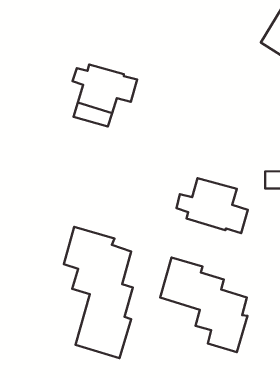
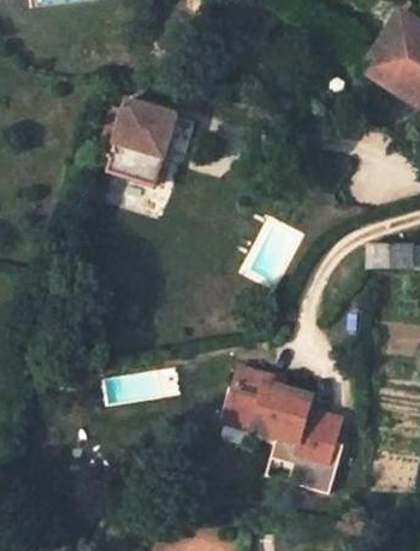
building: [177,178,248,233] -> none
building: [64,227,133,358] -> none

